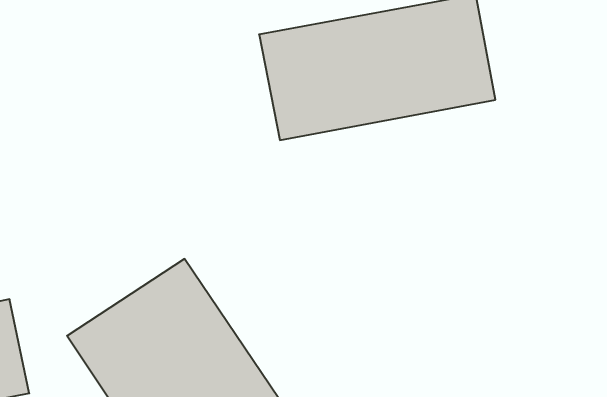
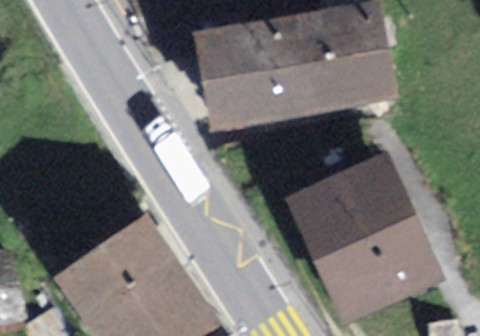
building: none -> [297,161,431,310]

